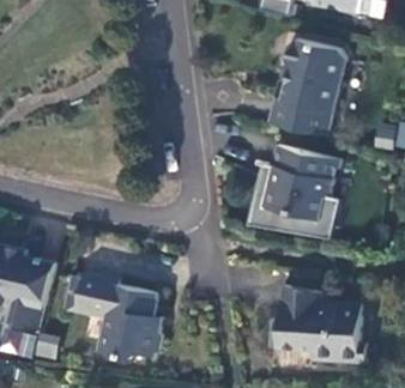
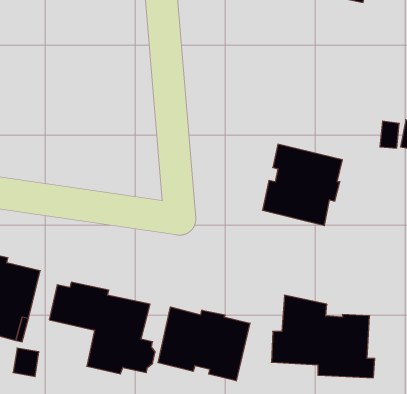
building: [266,40,343,137] -> none
building: none -> [158,307,250,381]

